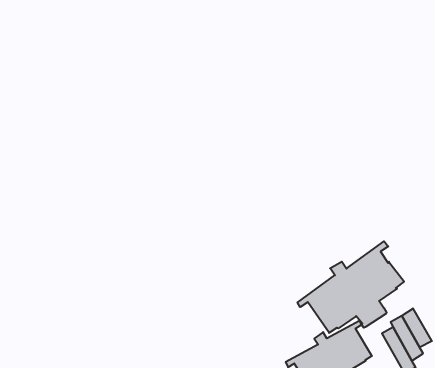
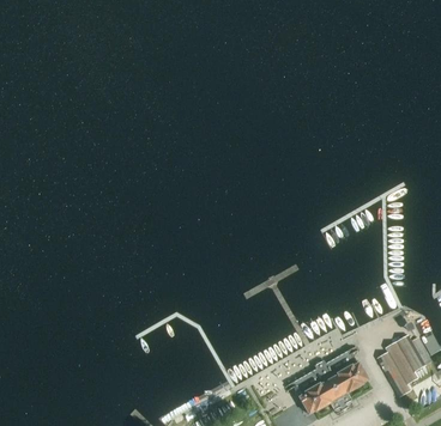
building: [297,241,404,333] -> none

